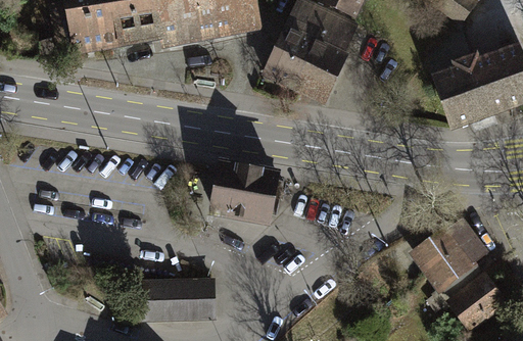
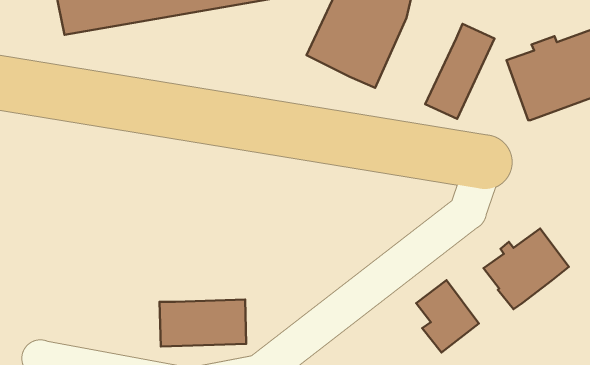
building: none -> [425,24,495,119]
building: [215,165,277,221] -> none
building: [448,263,502,325] -> [416,280,479,352]

